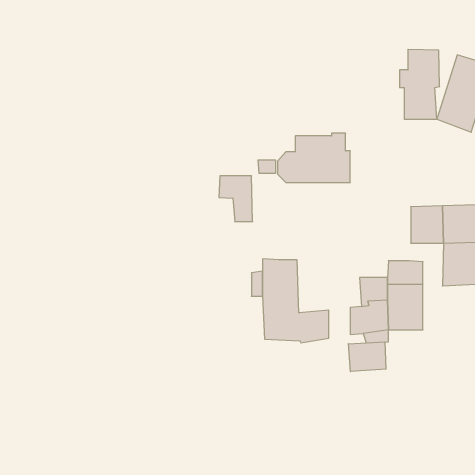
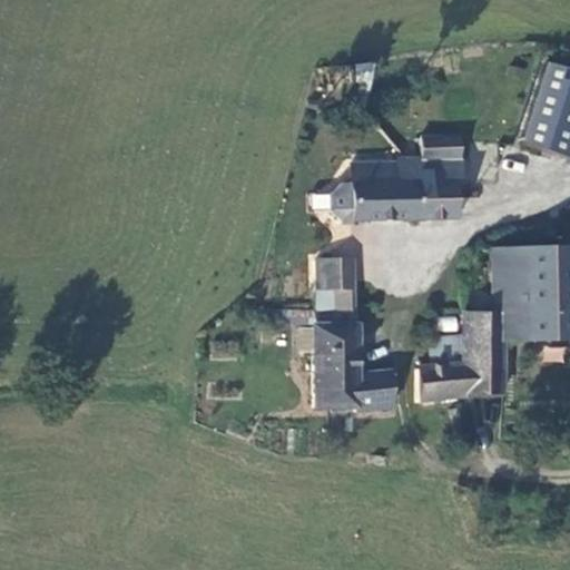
building: [400,49,440,119] -> [414,135,462,218]
building: [219,176,253,222] -> [316,256,356,311]
building: none -> [490,291,531,342]
building: [348,342,386,372] -> none

